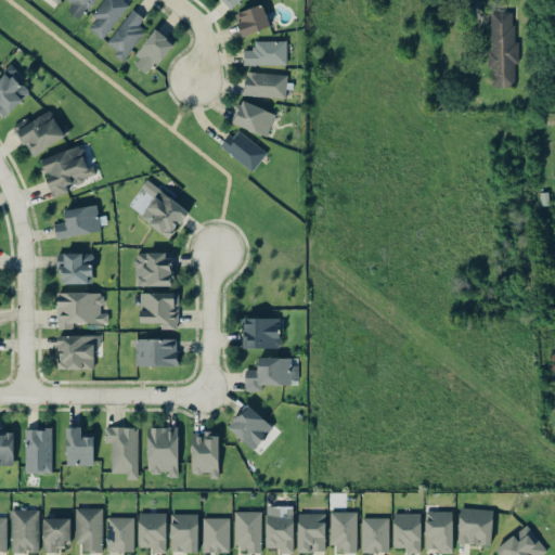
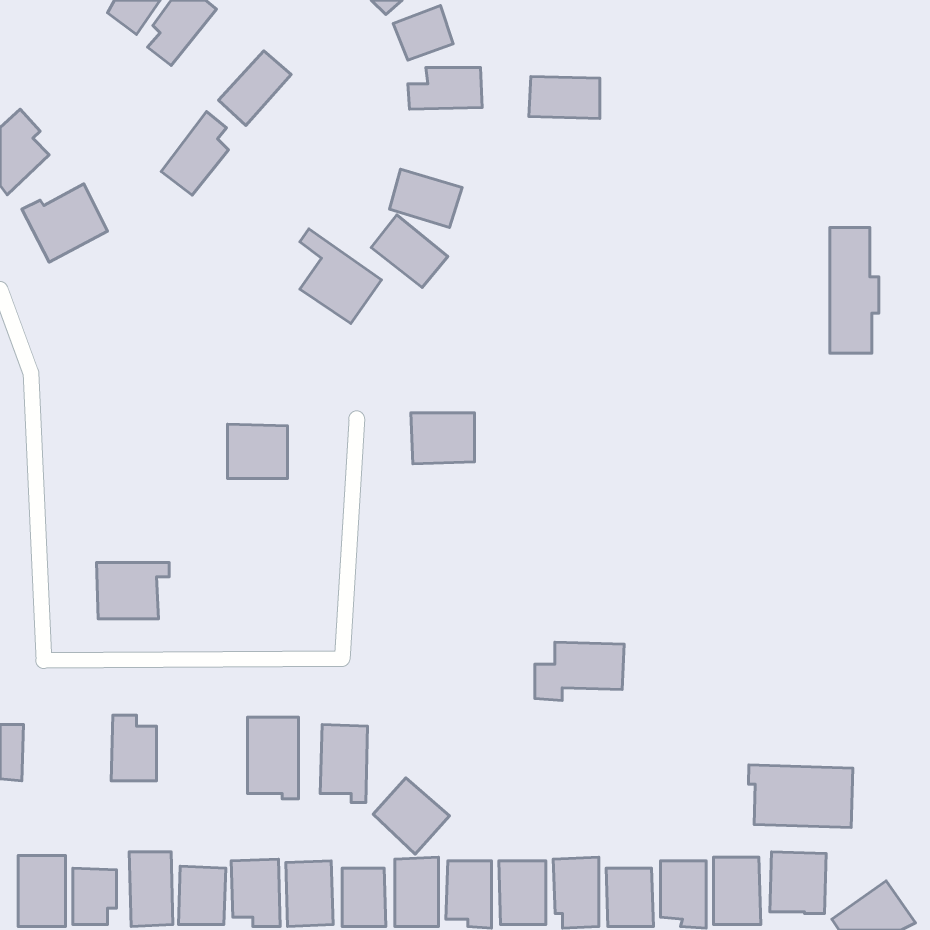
building: [105,9,145,59] -> [161,111,228,195]
building: [489,12,518,87] -> [830,228,879,353]
building: [244,73,286,98] -> [529,77,600,118]
building: [40,144,92,197] -> none
building: [140,180,189,236] -> [300,229,382,324]
building: [54,205,101,237] -> none
building: [59,253,91,284] -> none
building: [56,292,108,328] -> none
building: [140,292,178,328] -> none
building: [242,318,280,348] -> [411,413,475,464]
building: [135,338,177,365] -> none
building: [245,357,298,391] -> [535,642,624,700]
building: [228,404,273,450] -> [373,778,450,854]
building: [104,427,139,479] -> none
building: [25,428,52,473] -> none
building: none -> [748,765,853,827]

